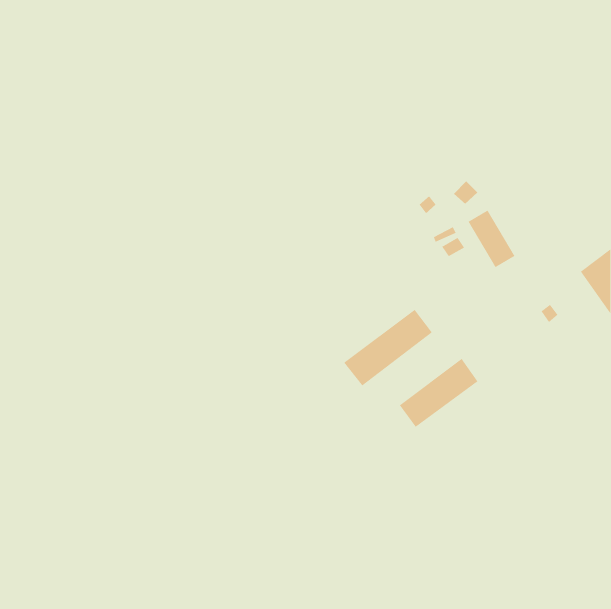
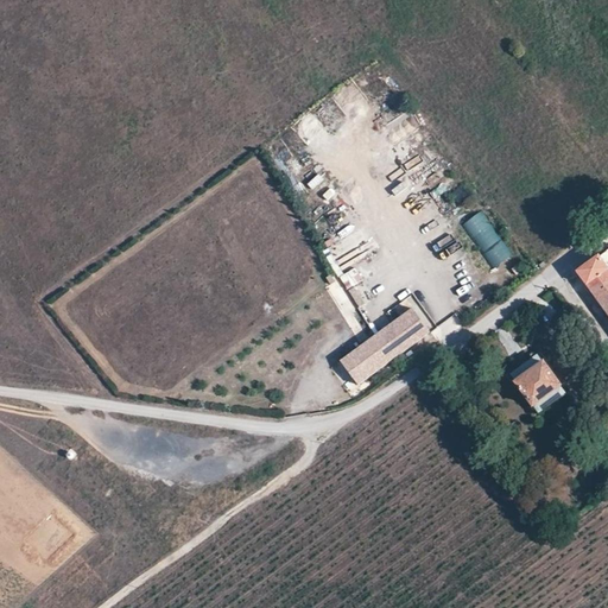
building: none -> [509,353,566,412]
building: [399,358,478,428] -> none

